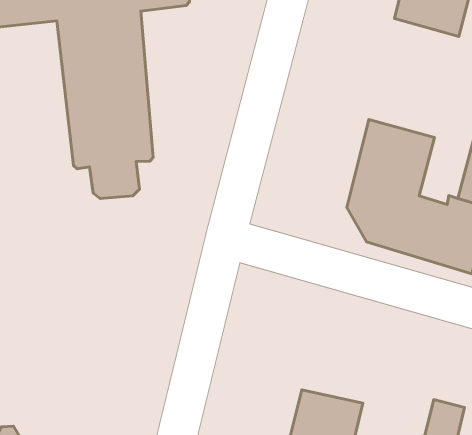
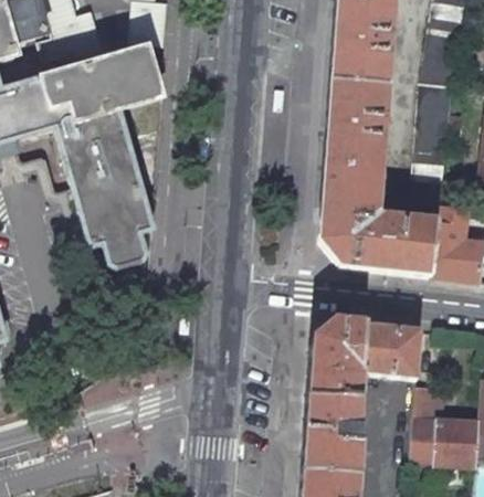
building: none -> [325,76,387,168]
building: none -> [308,317,421,395]

